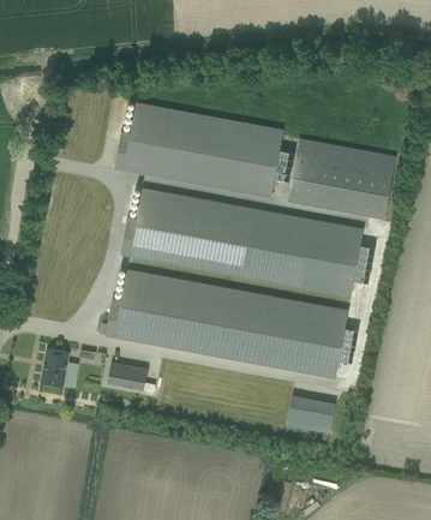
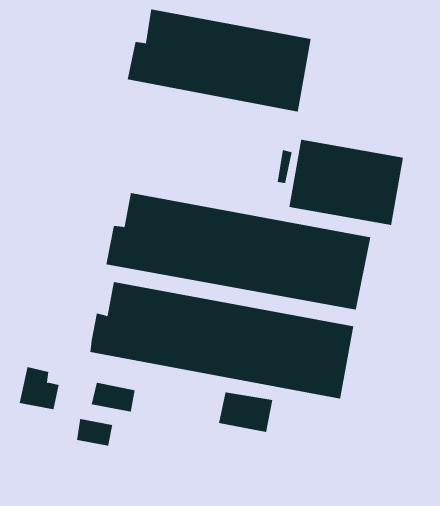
building: [115,103,285,198] -> [127,9,312,112]
building: none -> [76,418,113,446]
building: [287,396,337,434] -> [218,392,273,432]

